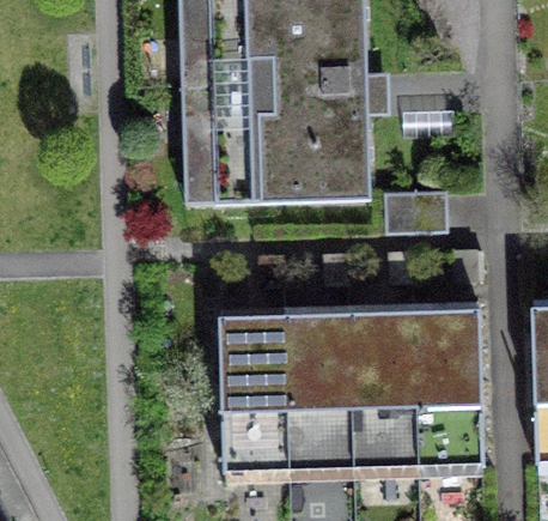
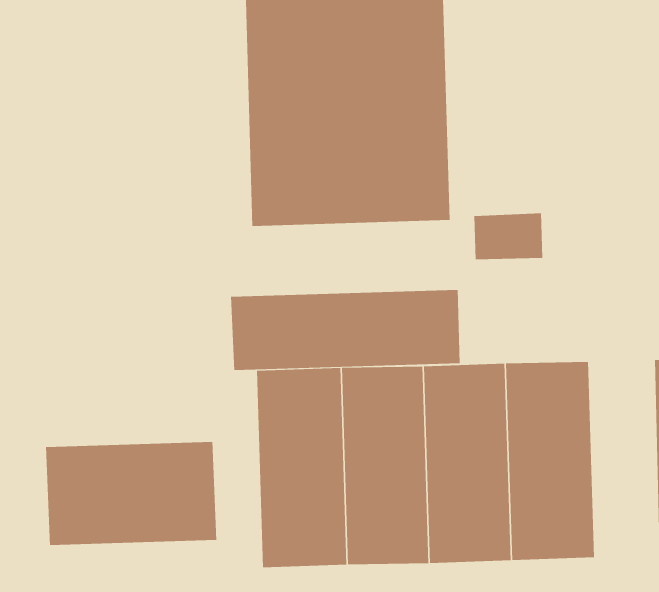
building: none -> [230,289,460,371]
building: none -> [46,441,217,546]

